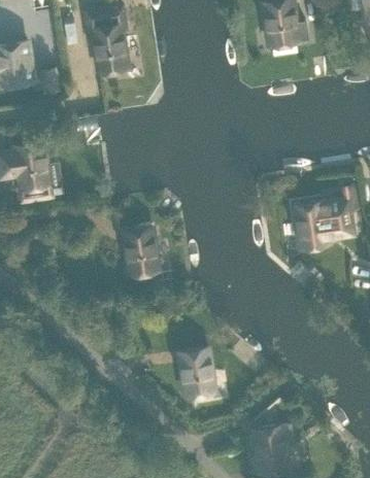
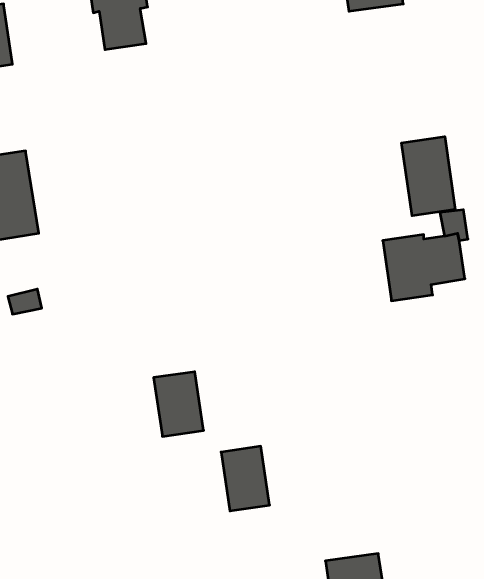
building: none -> [402,137,455,216]
building: [125,229,160,274] -> [154,372,204,436]

